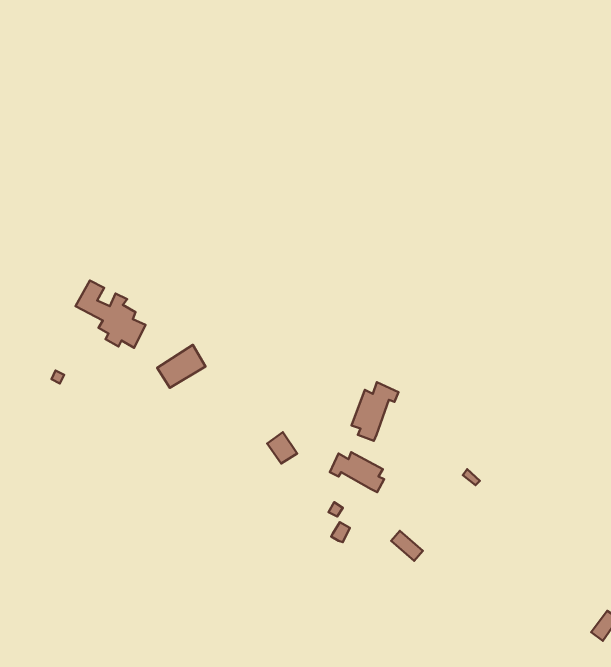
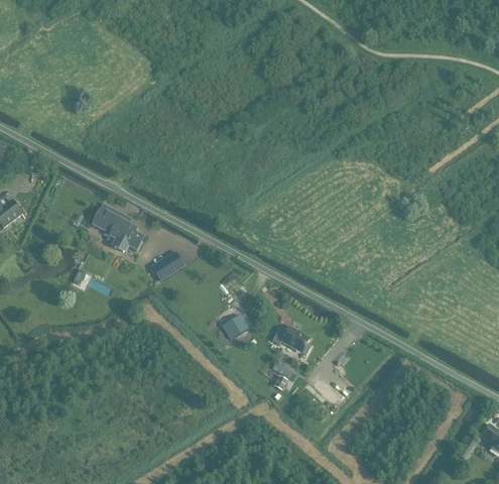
building: [351,382,398,441] -> none

